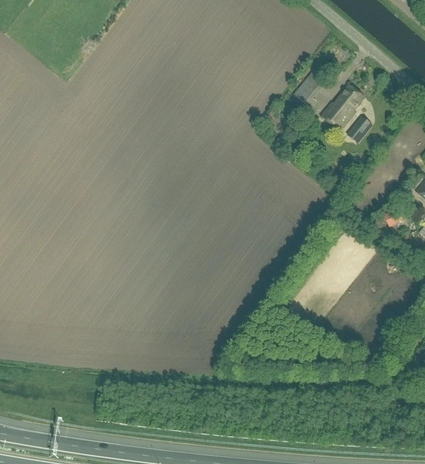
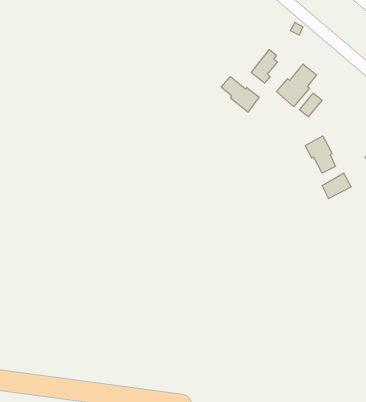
building: none -> [221,77,259,112]
building: none -> [305,136,336,173]

